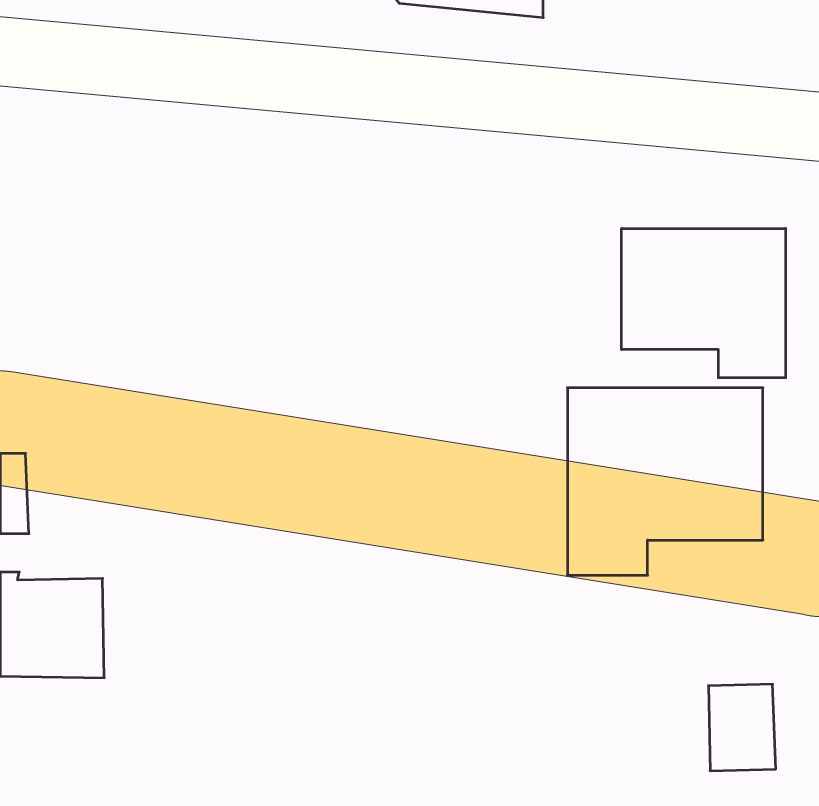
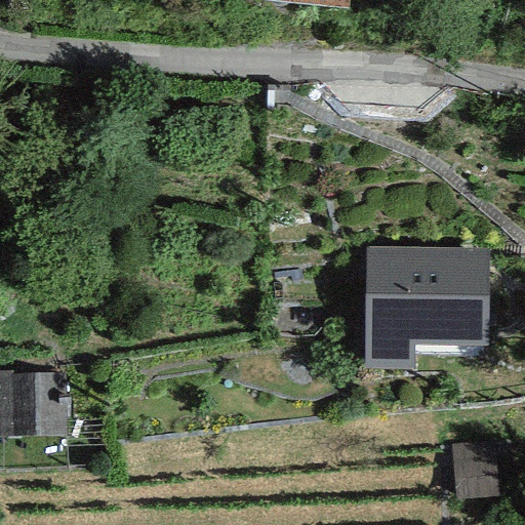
building: [622,228,786,378] -> none

